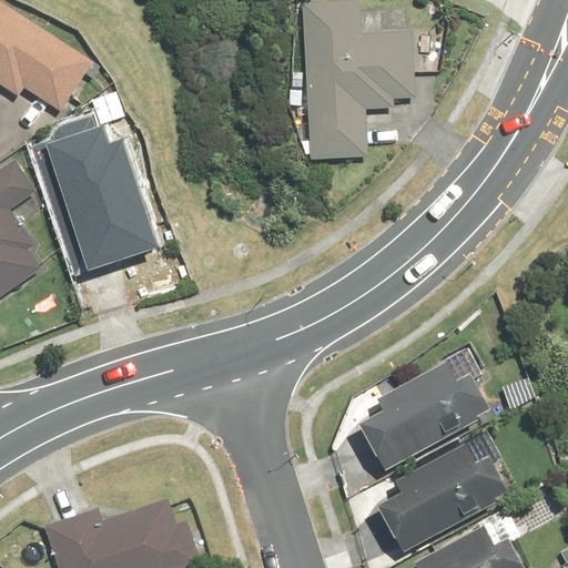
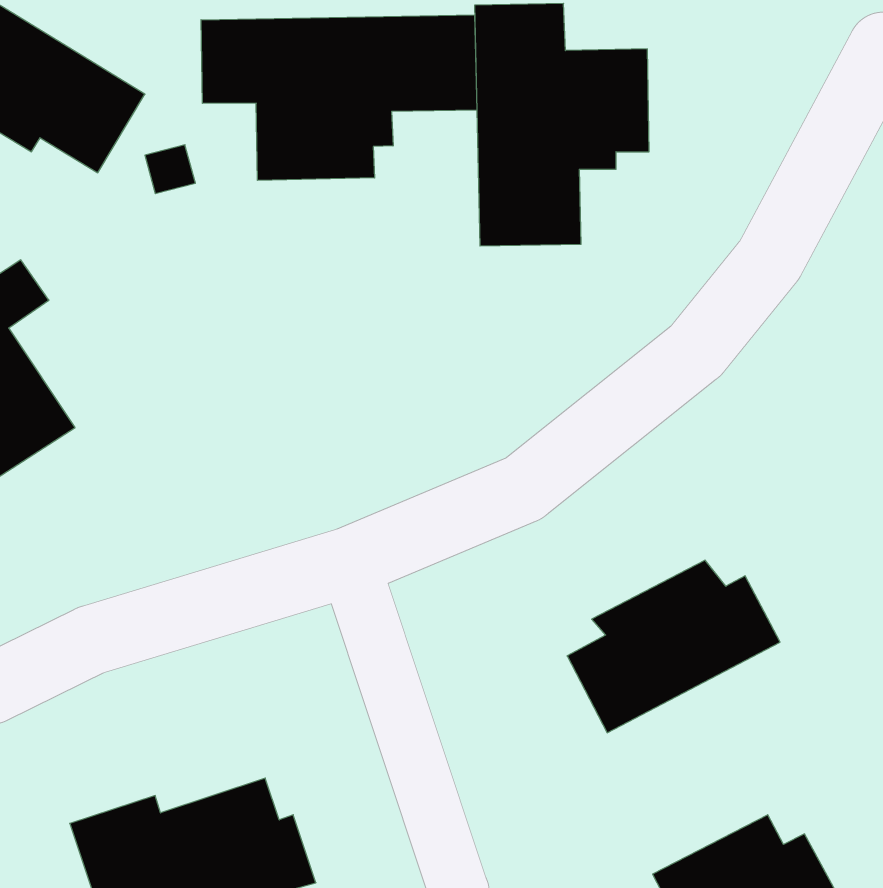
building: none -> [201,15,477,180]
building: [32,115,156,275] -> none
building: [382,439,511,548] -> none

